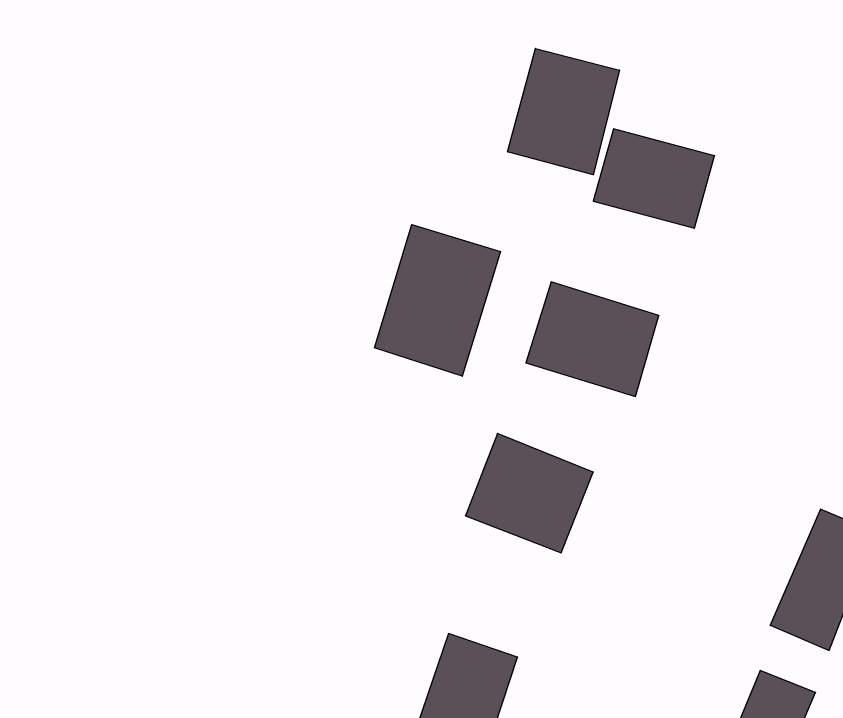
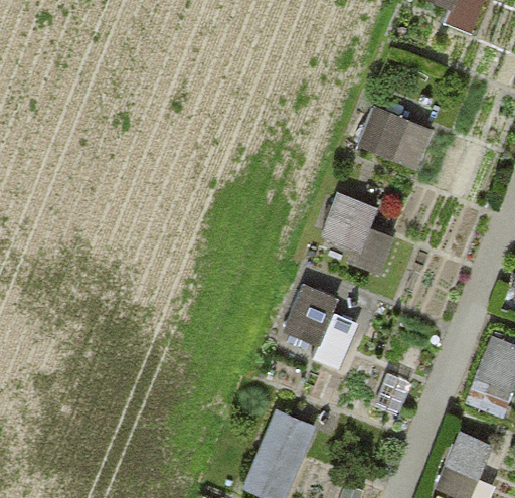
building: [508,48,620,175] -> none
building: [374,225,501,376] -> none

